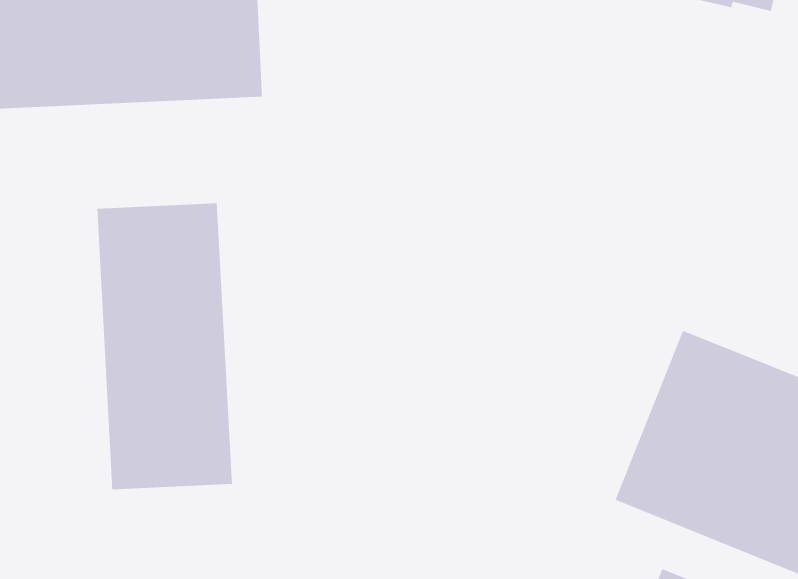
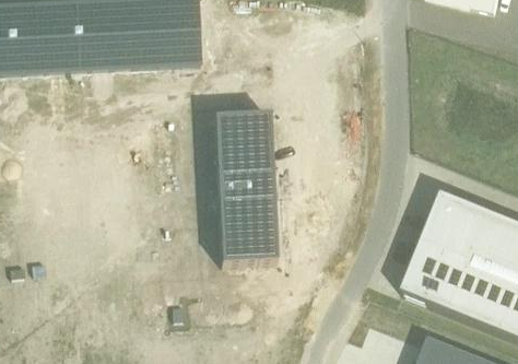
building: [96,202,233,490] -> [205,106,284,272]

